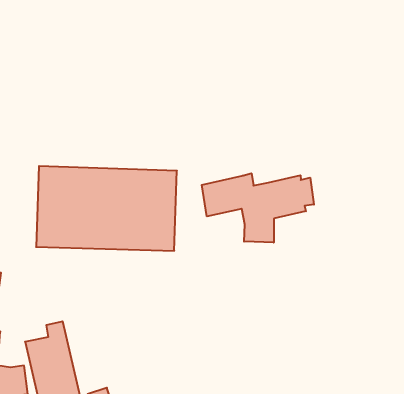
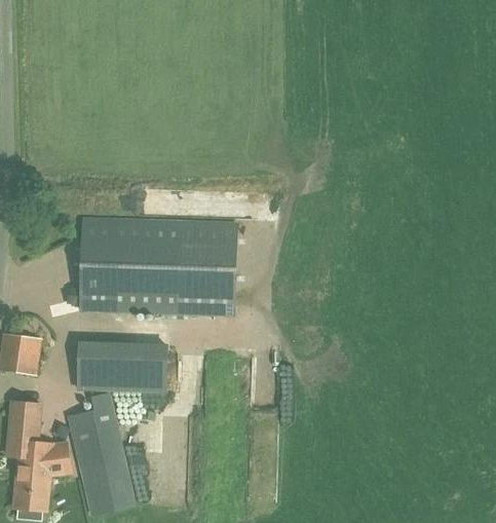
building: [202,173,314,243] -> none
building: none -> [77,342,166,390]

